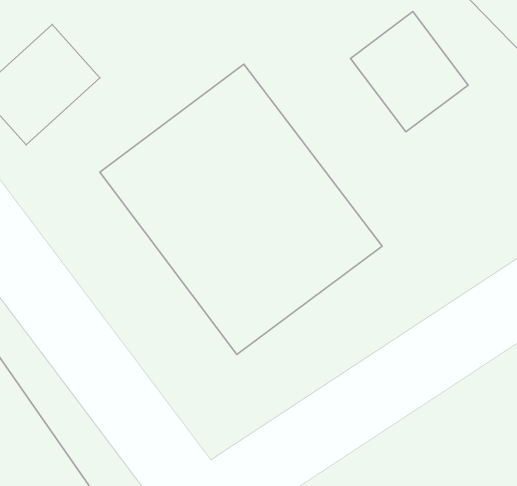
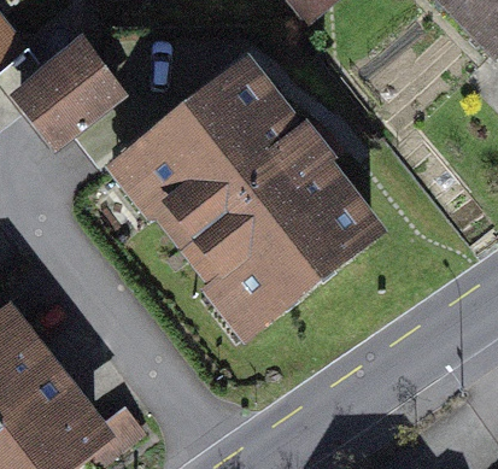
building: [350,12,468,132] -> none

